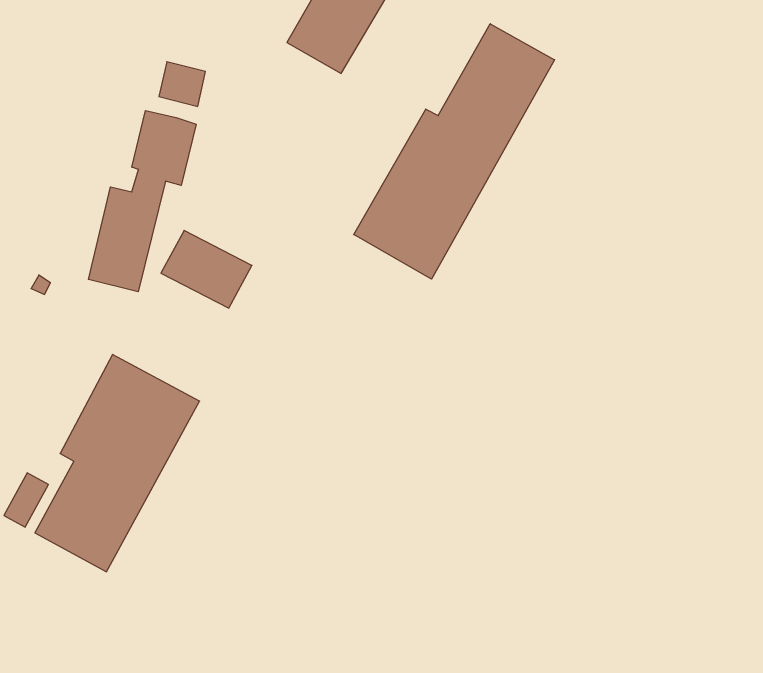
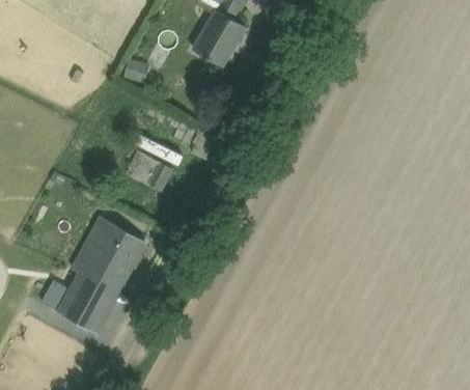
building: [354,24,555,279] -> none
building: [88,111,196,292] -> none

